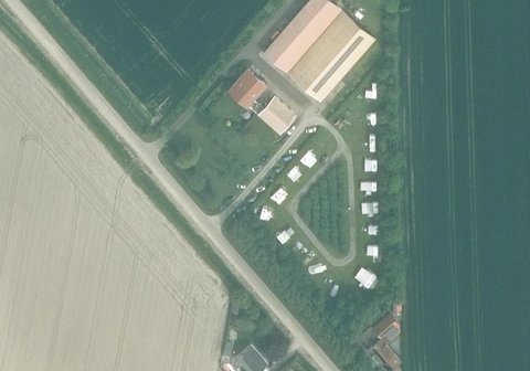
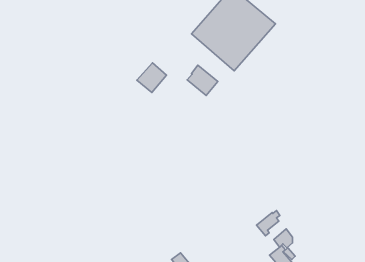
building: [225,67,265,107] -> [137,63,167,93]
building: none -> [256,210,280,236]

